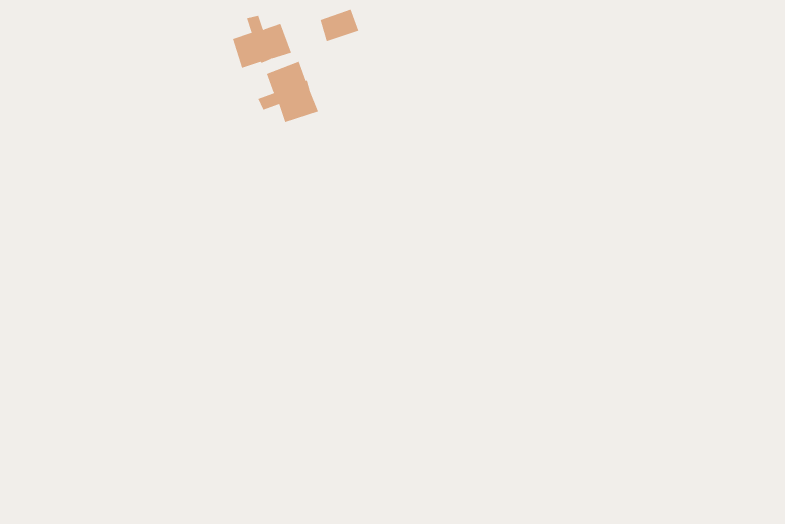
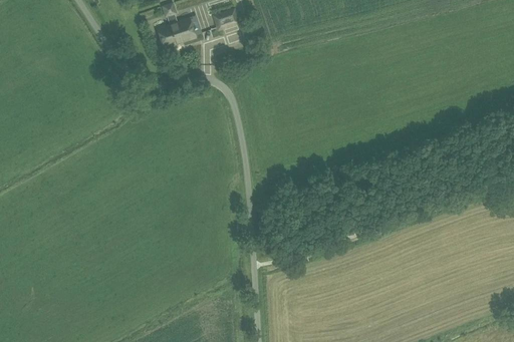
building: [258,61,319,123] -> none

